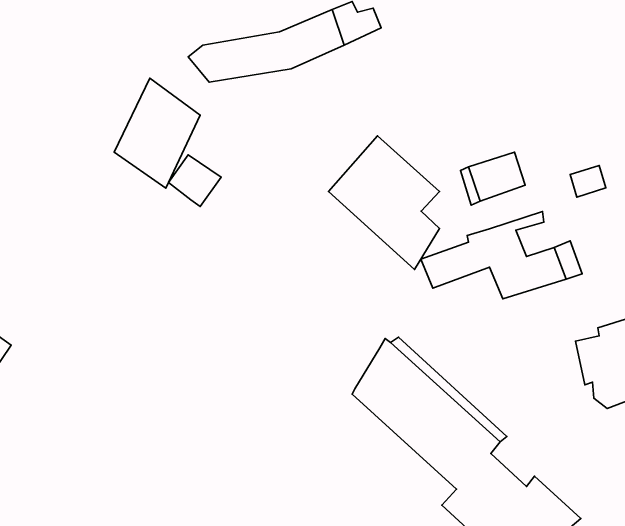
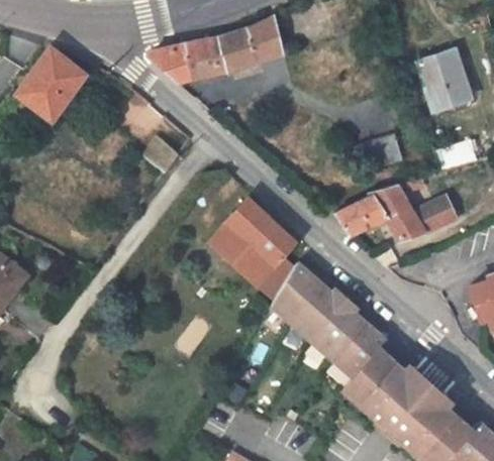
building: none -> [428,55,480,115]
building: [114,78,200,188] -> [16,46,82,130]
building: [329,136,440,269] -> [216,207,301,309]

